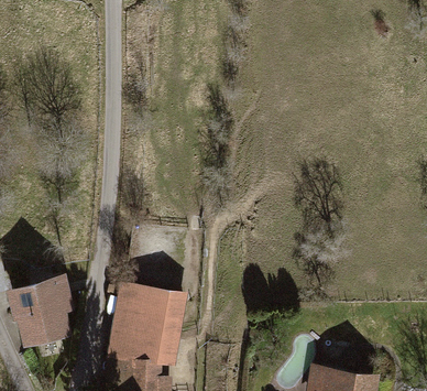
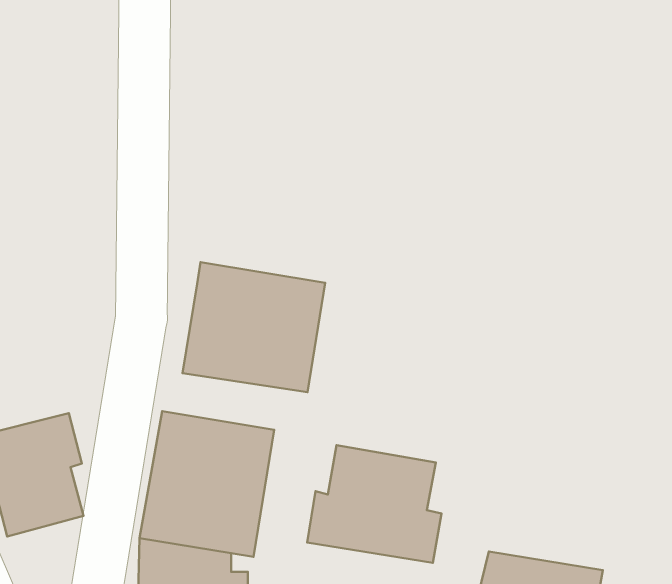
building: none -> [182,262,325,392]
building: none -> [307,445,441,563]

